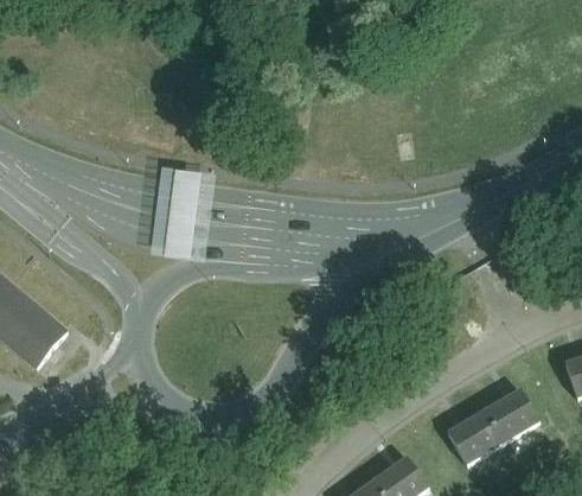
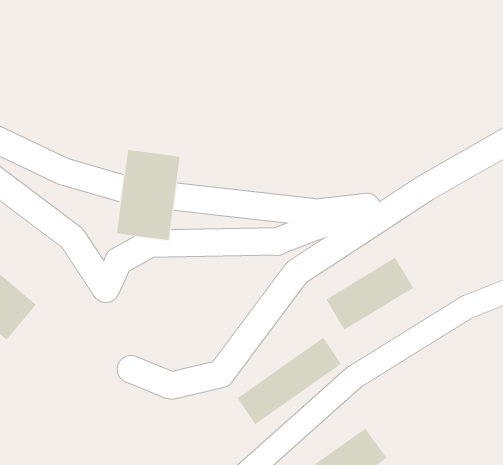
building: none -> [237,337,342,425]
building: [447,388,538,464] -> [326,257,414,330]

